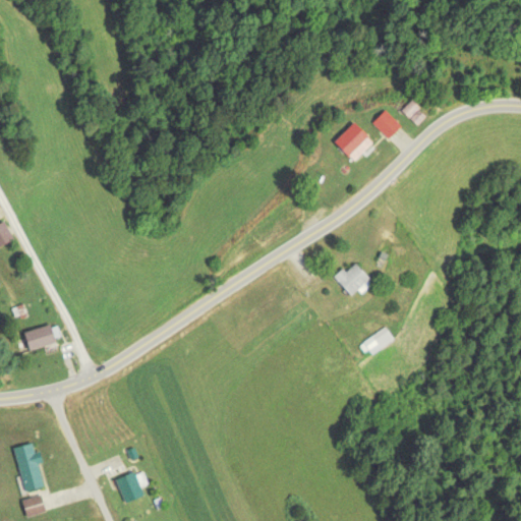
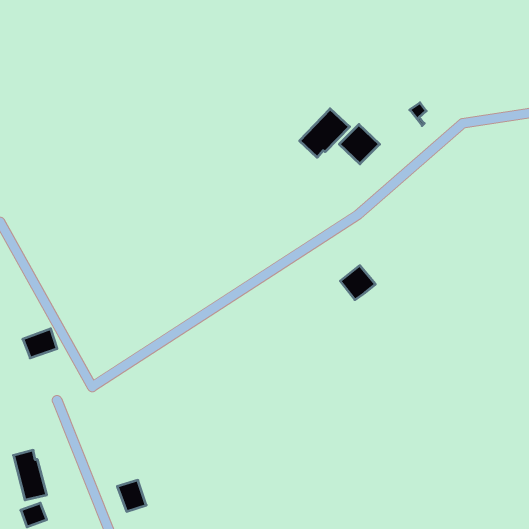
building: none -> [300,109,350,157]
building: [372,110,401,138] -> none
building: [360,328,394,357] -> none

